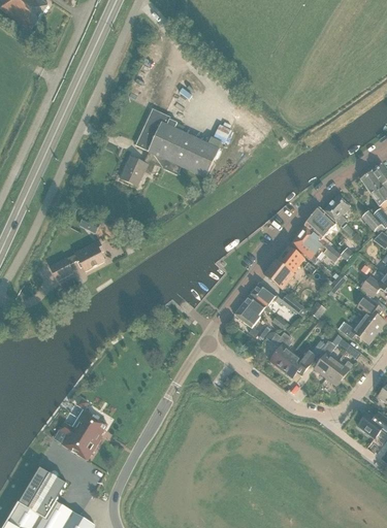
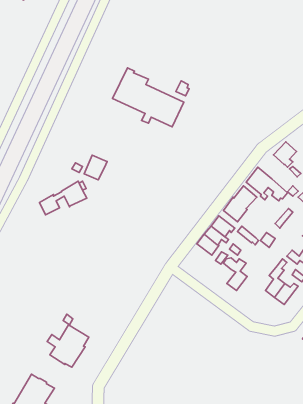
building: [120,156,147,185] -> [84,155,107,180]
building: [303,206,335,237] -> none
building: [280,346,316,376] -> none

